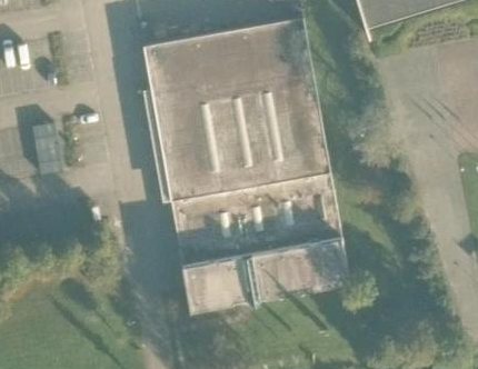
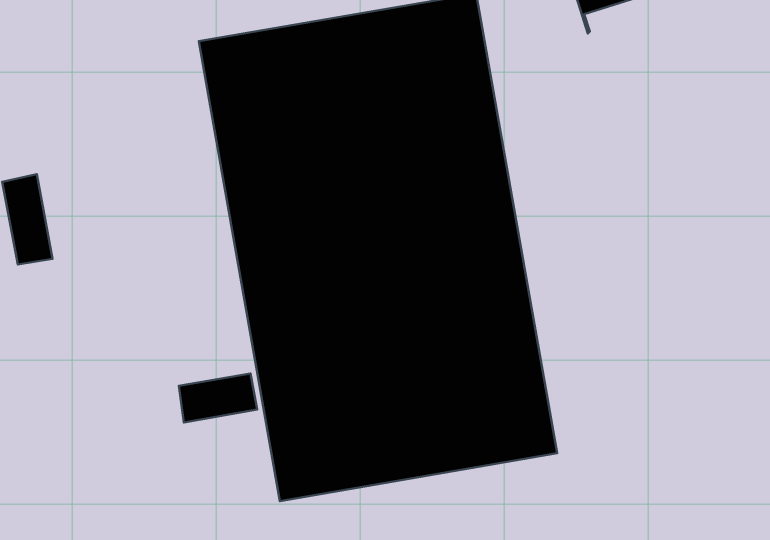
building: none -> [179,374,257,422]

